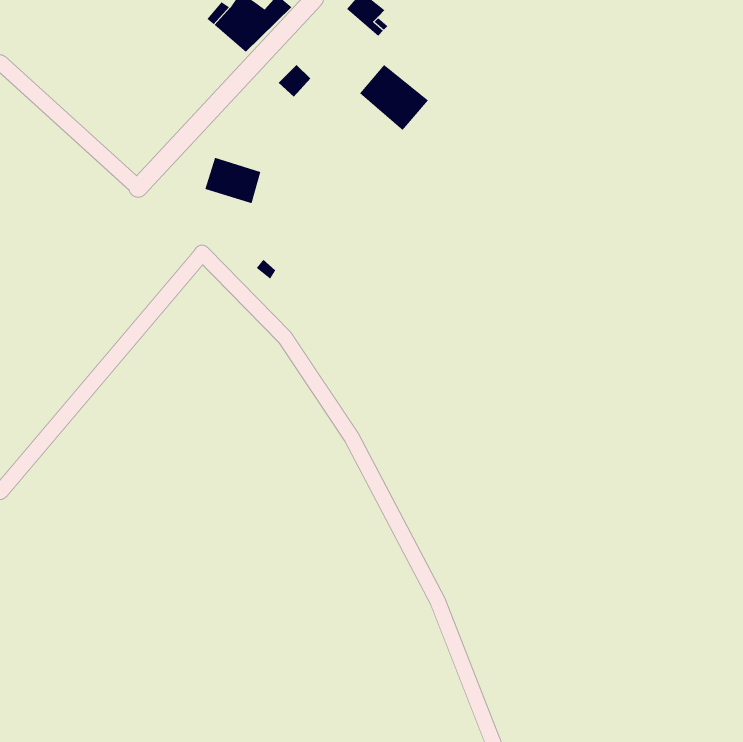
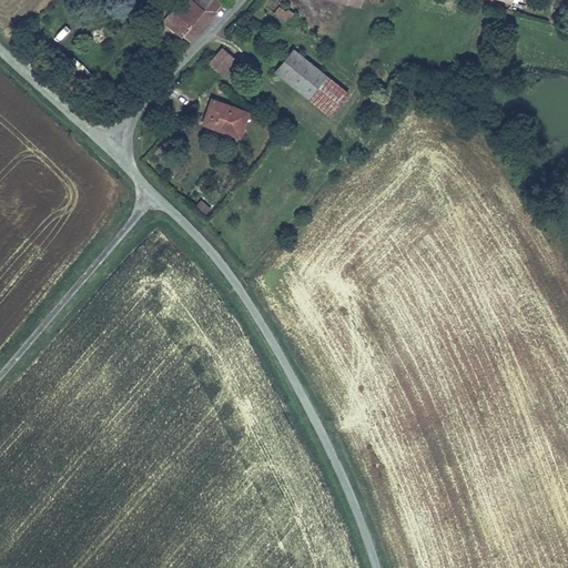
building: none -> [307,77,346,116]
building: [204,157,261,204] -> [203,101,246,136]

